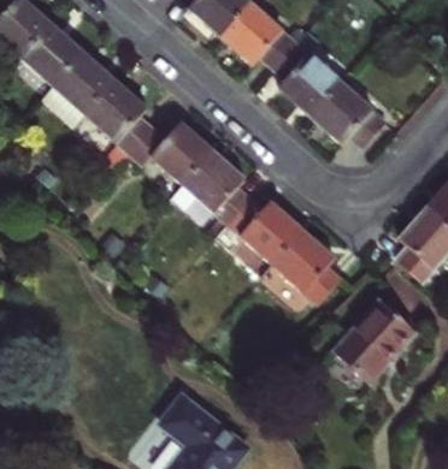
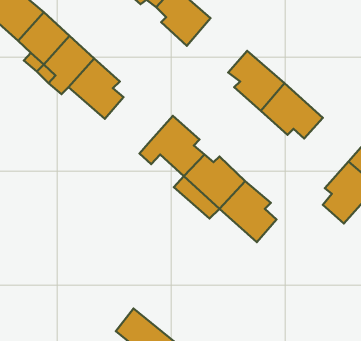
building: [232,26,306,93] -> none
building: [132,115,216,179] -> none
building: [338,296,413,375] -> none

